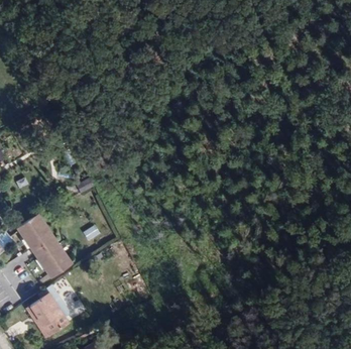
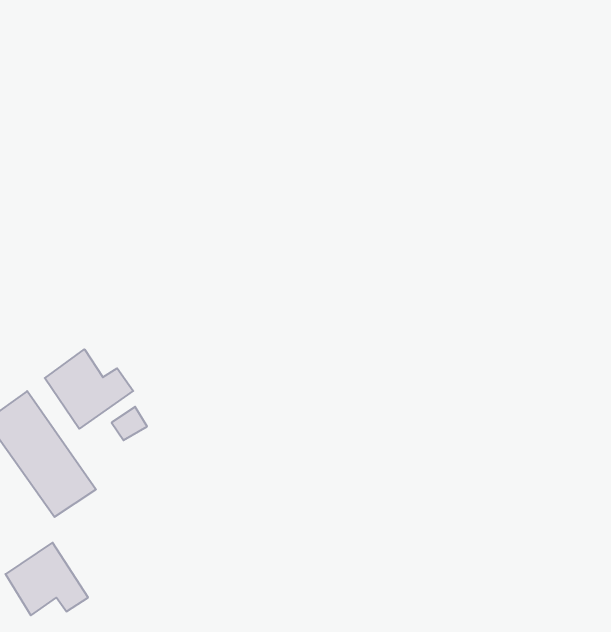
building: none -> [45,349,133,429]

